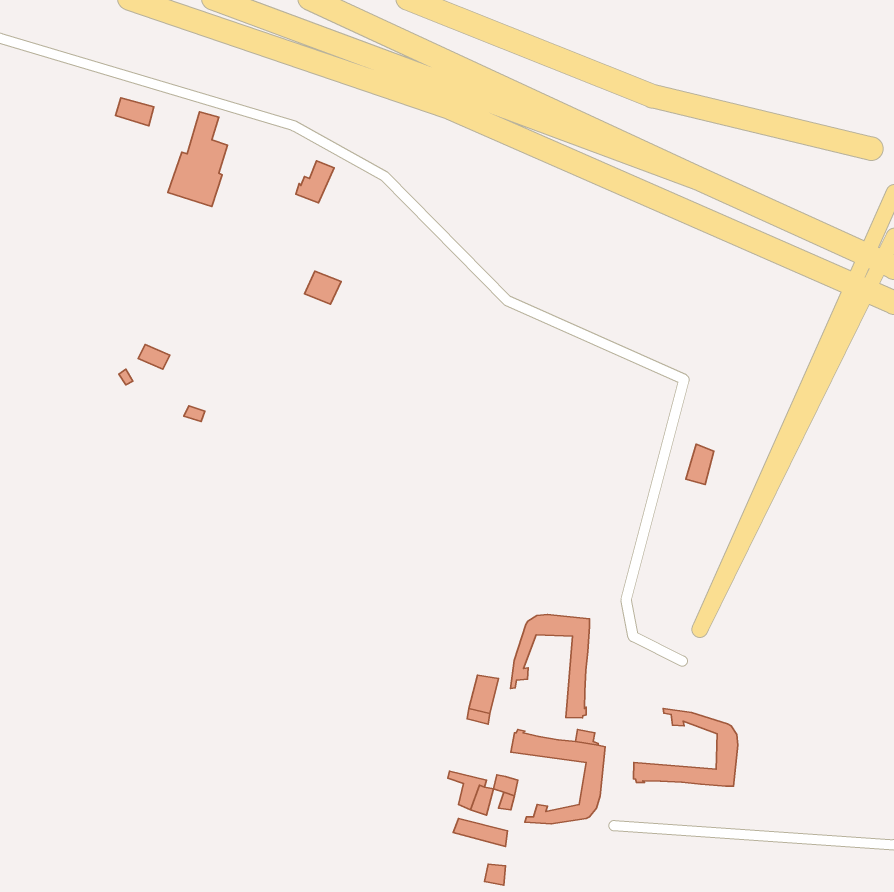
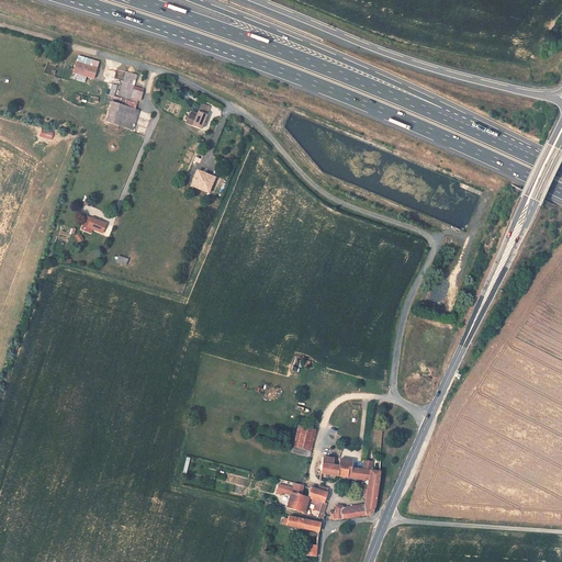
building: [510,614,590,718] -> none
building: [634,708,738,786] -> none

